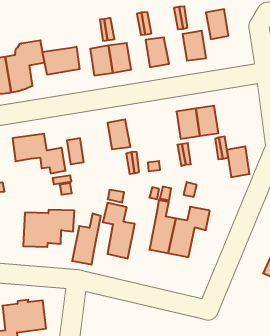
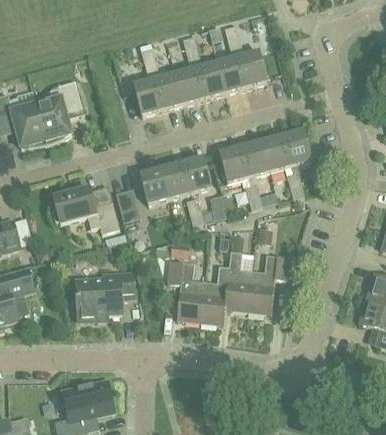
building: [206,9,228,39] -> [216,57,245,93]
building: none -> [174,68,203,104]
building: [43,47,80,75] -> none
building: none -> [218,147,247,184]
building: none -> [181,156,211,193]
building: none -> [139,168,169,204]
building: [227,146,250,177] -> [282,130,311,167]
building: [72,213,101,265] -> [200,265,228,324]

